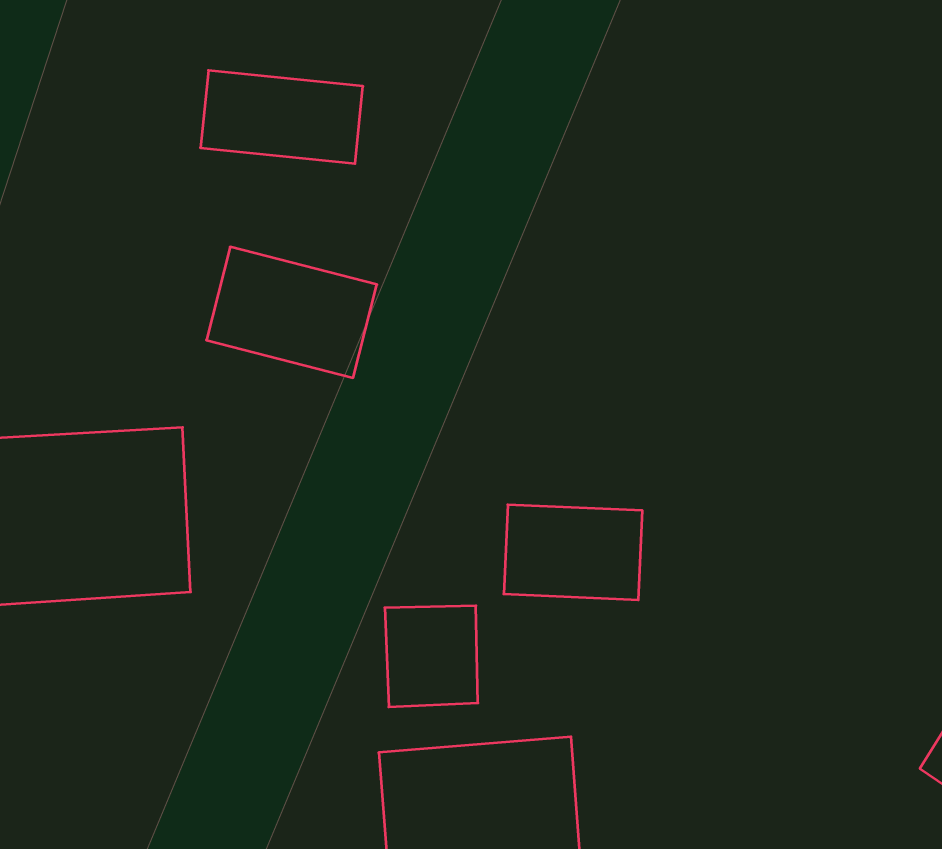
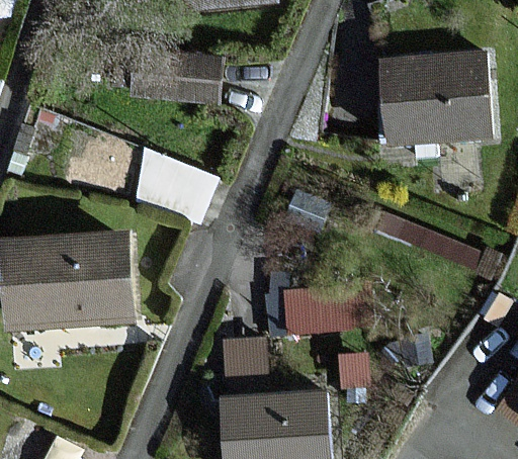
building: none -> [383,58,484,141]

